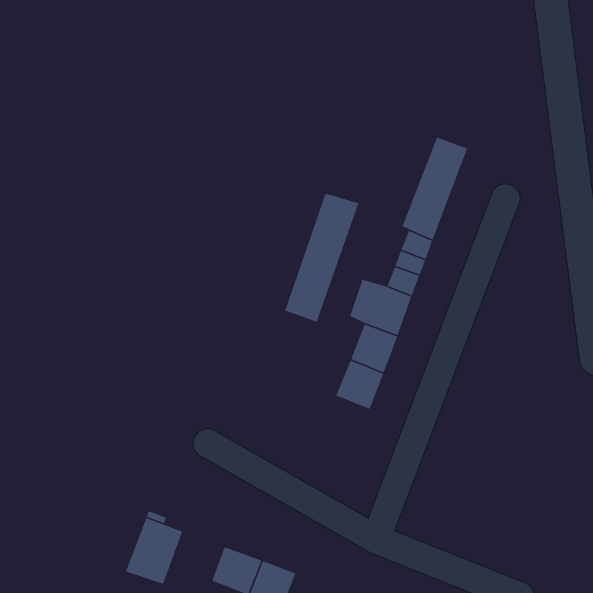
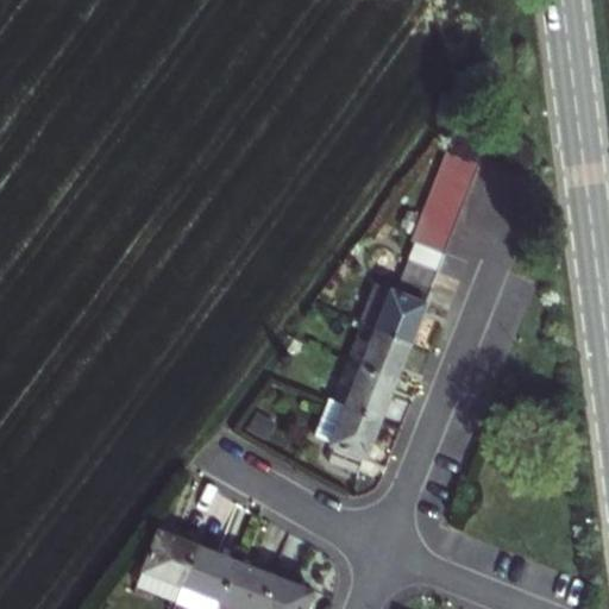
building: [284,193,360,323] -> none
building: none -> [315,401,381,475]
building: none -> [177,545,232,596]

